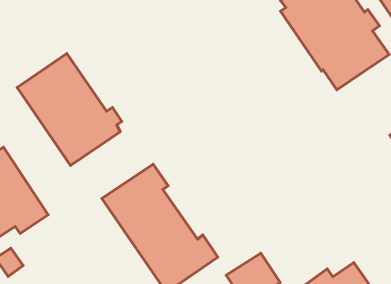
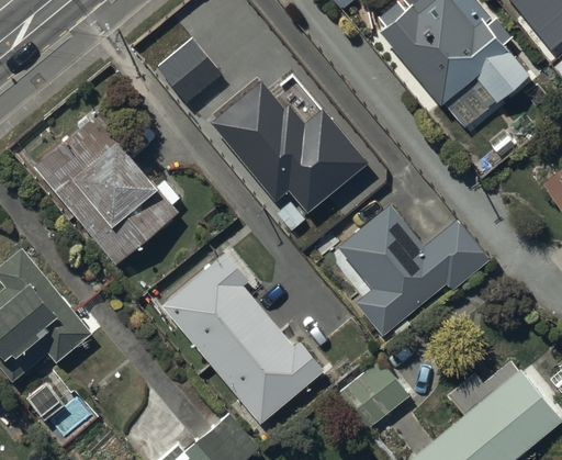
building: none -> [157,40,222,104]
building: none -> [210,79,372,232]
building: none -> [337,204,490,338]

